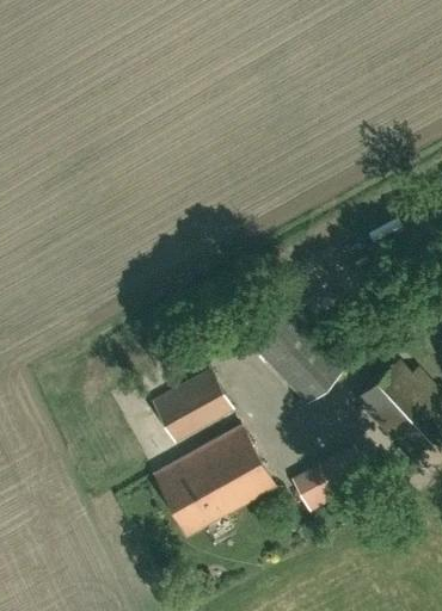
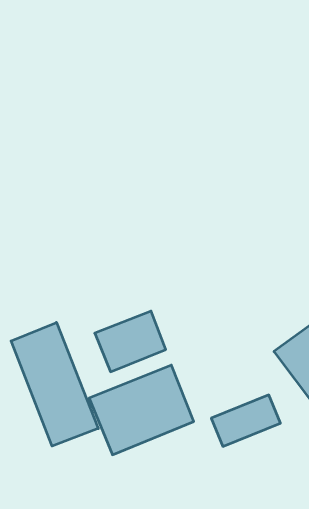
building: [250,310,344,405] -> none
building: none -> [11,322,98,446]

